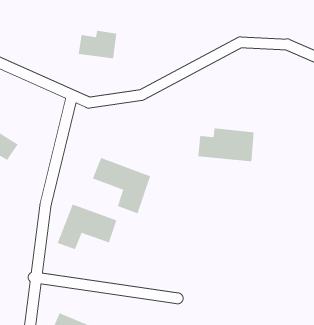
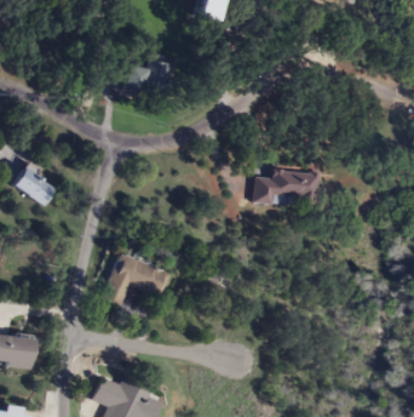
building: [92,157,151,214] -> none

